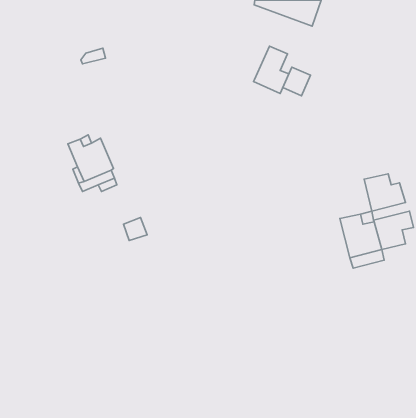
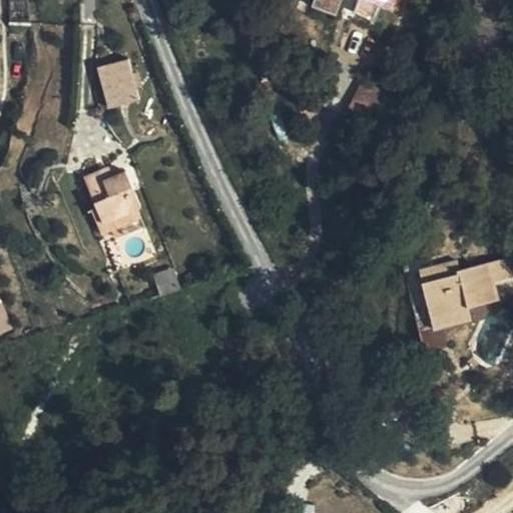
building: [253,46,289,93] -> none
building: none -> [101,71,136,105]
building: [364,174,405,211] -> none

